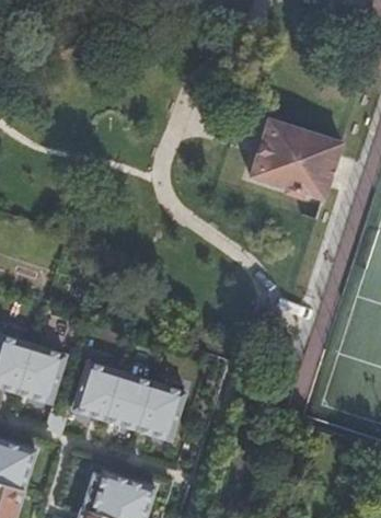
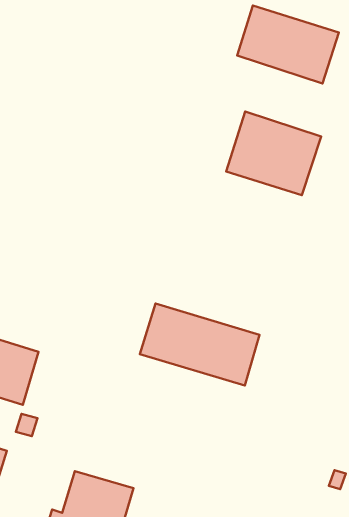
building: none -> [237,6,339,83]
building: [70,360,186,440] -> [140,303,259,386]

